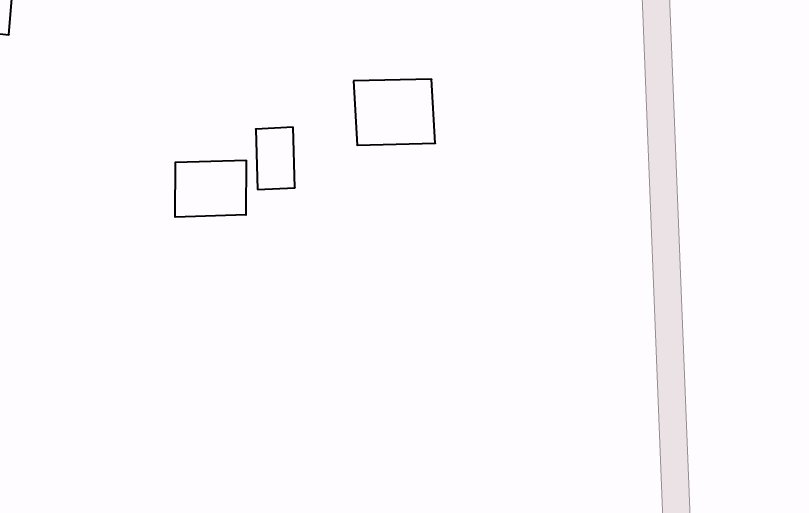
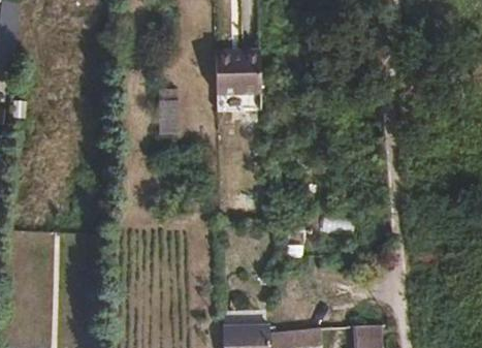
building: [175,160,246,217] -> none

